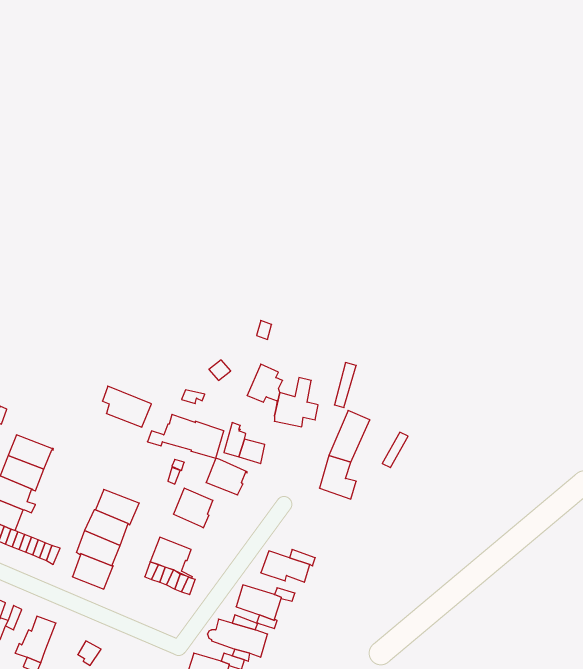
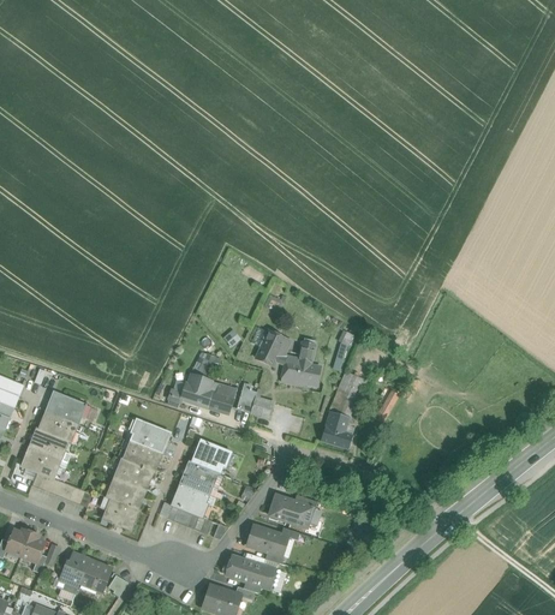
building: [102,386,151,427] -> [127,417,171,453]
building: [206,458,247,495] -> [180,461,216,494]
building: none -> [79,559,112,592]

